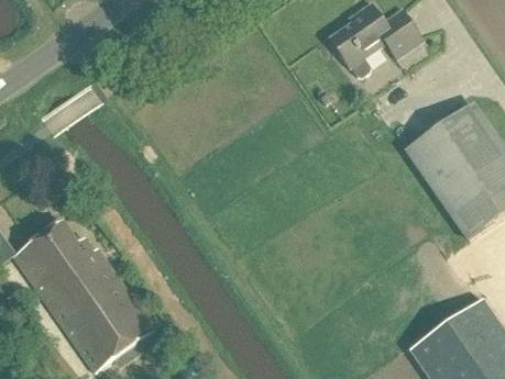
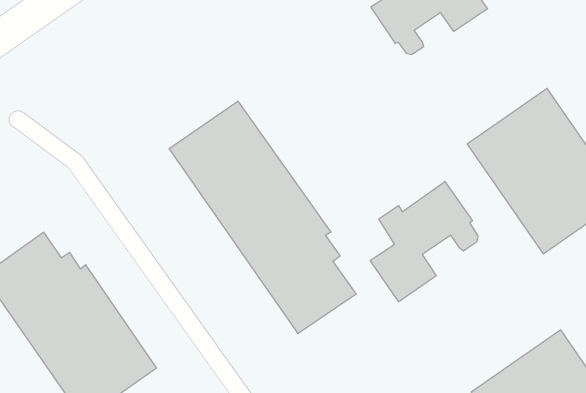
building: none -> [169,101,356,334]
building: none -> [370,181,478,302]

